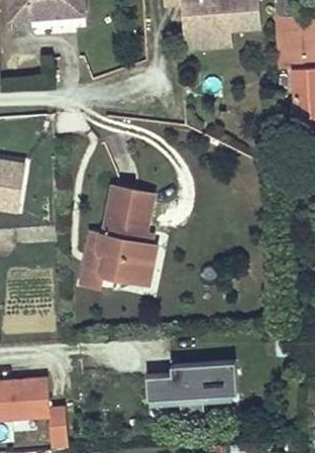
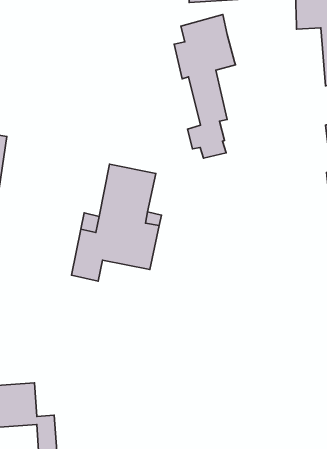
building: none -> [174,14,235,158]
building: [145,361,236,416] -> none

